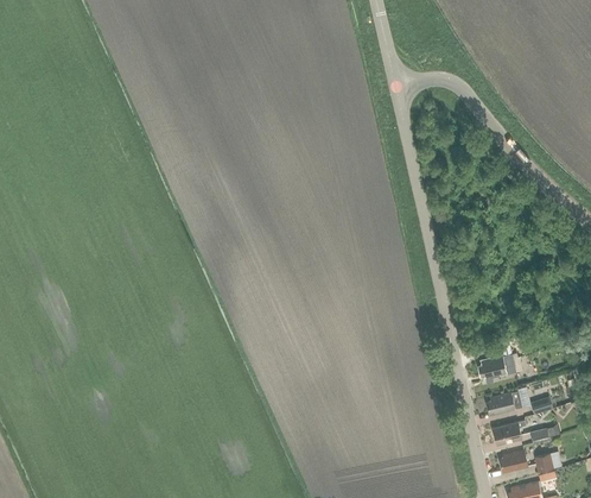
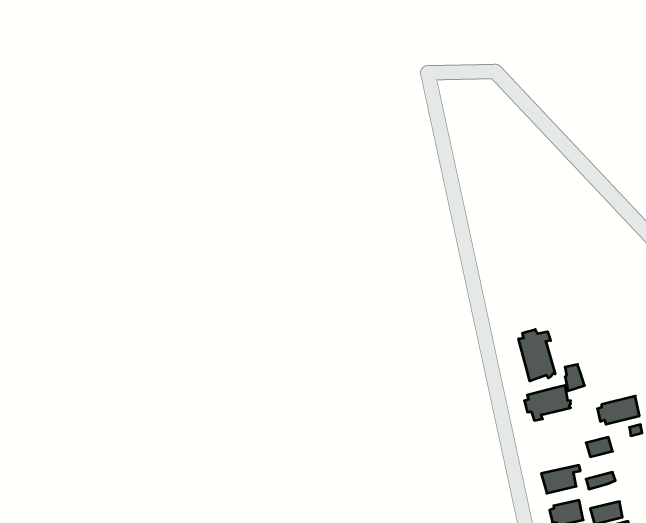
building: none -> [519,329,555,381]
building: [487,391,522,415] -> [597,396,639,424]

